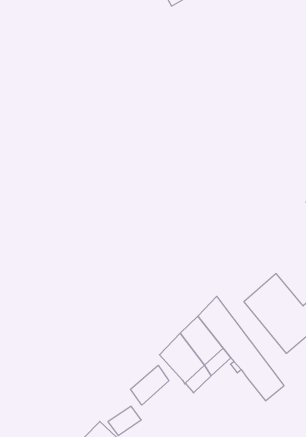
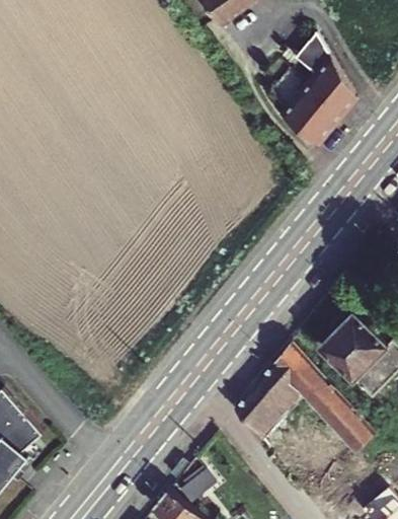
building: none -> [276,28,351,143]
building: [130,365,169,405] -> none

